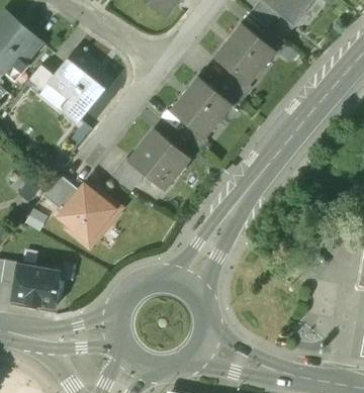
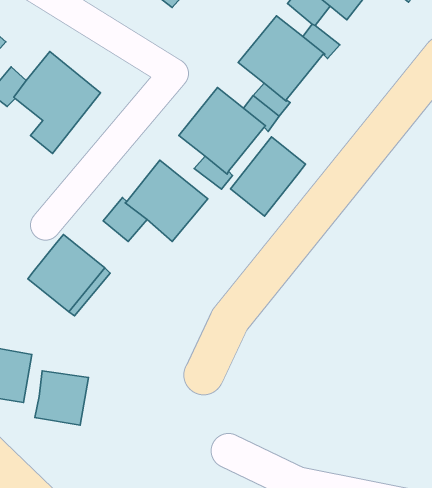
building: none -> [230,137,306,216]
building: [42,175,79,211] -> none
building: none -> [35,371,88,425]

